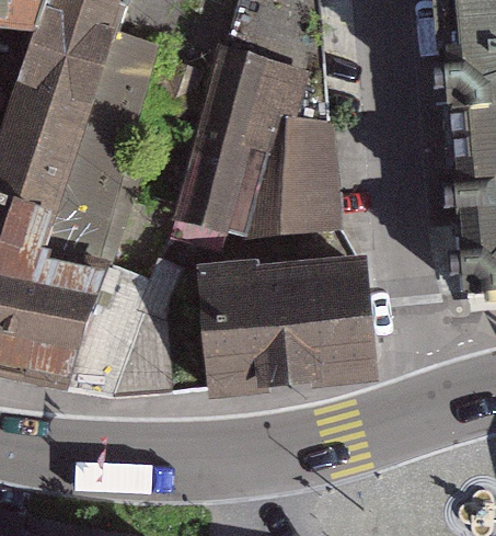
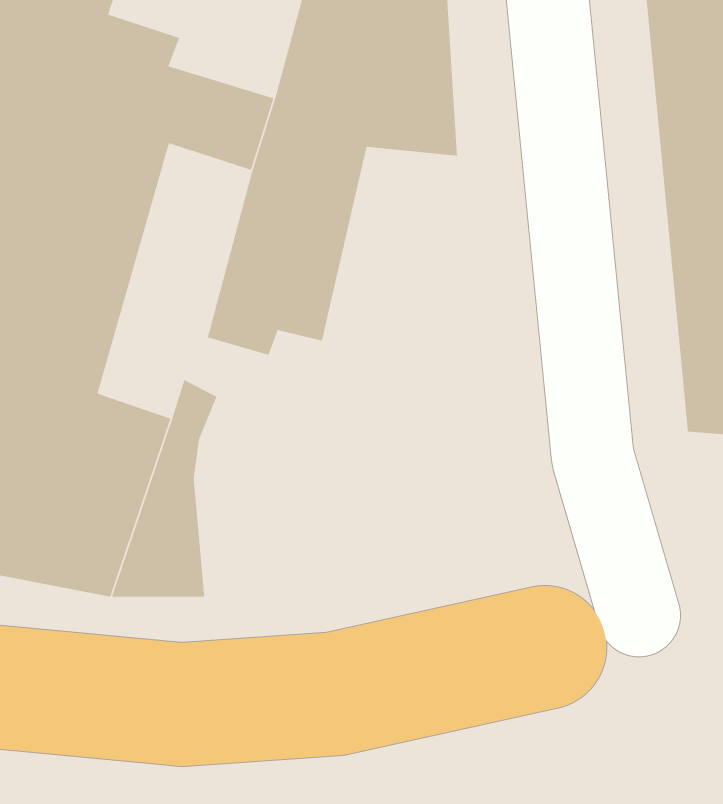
building: [244,112,337,231] -> none
building: [201,261,372,381] -> none

